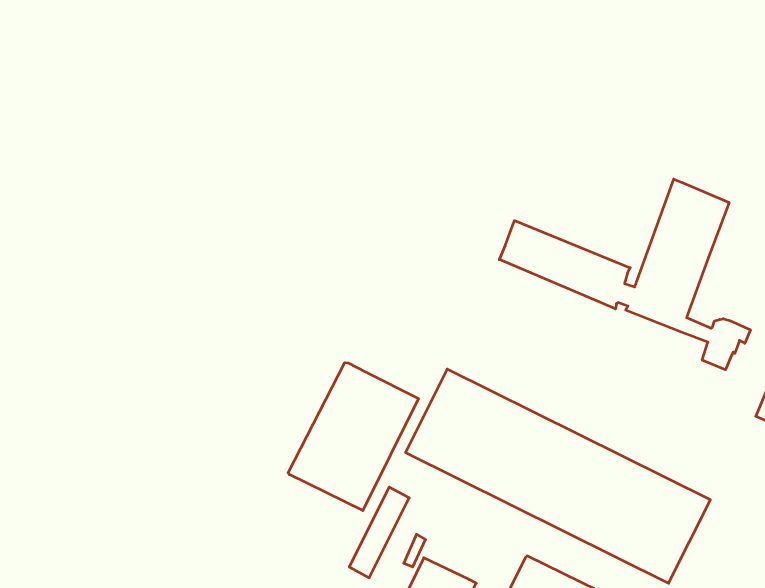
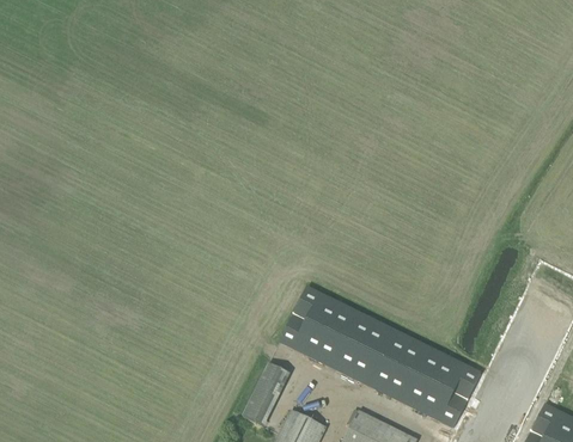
building: [499,179,750,370] -> none
building: [288,363,418,511] -> none

